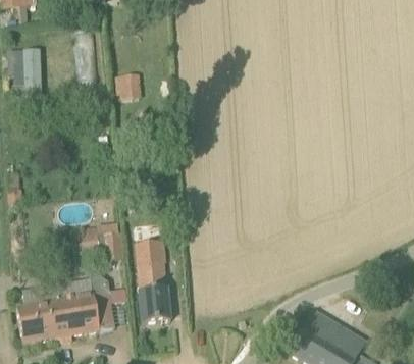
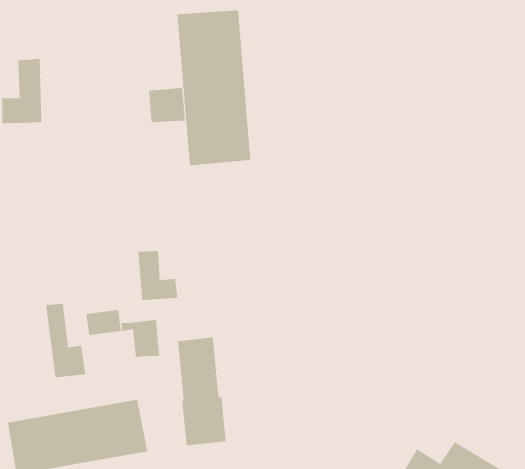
building: none -> [177,10,251,166]
building: none -> [138,250,178,301]
building: none -> [46,303,86,378]

